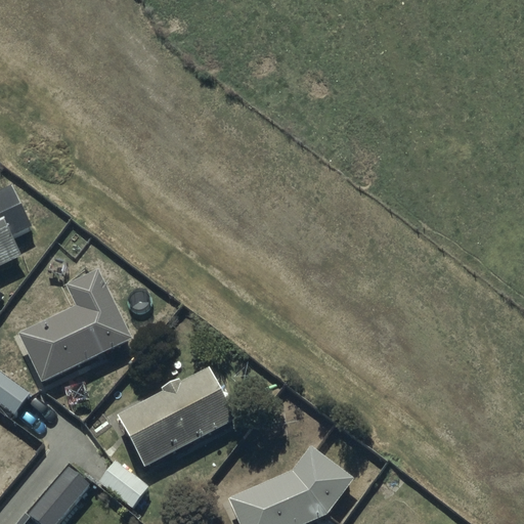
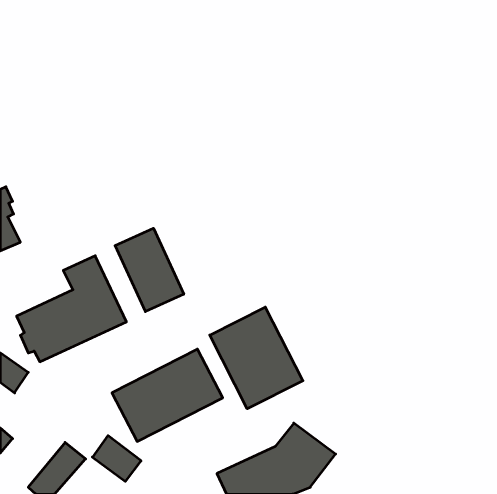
building: none -> [115,228,184,312]
building: none -> [210,307,303,409]

